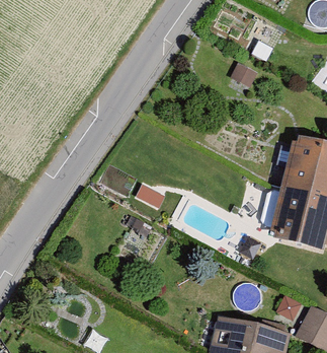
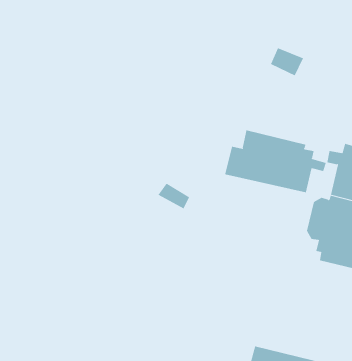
building: none -> [225,130,326,193]

